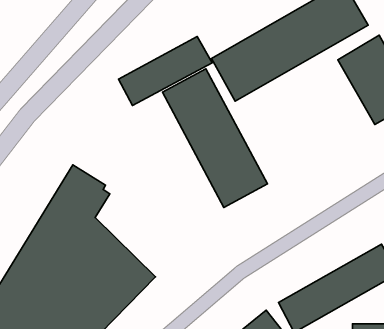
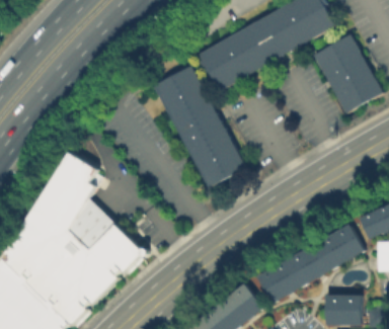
building: [118,37,212,105] -> none

